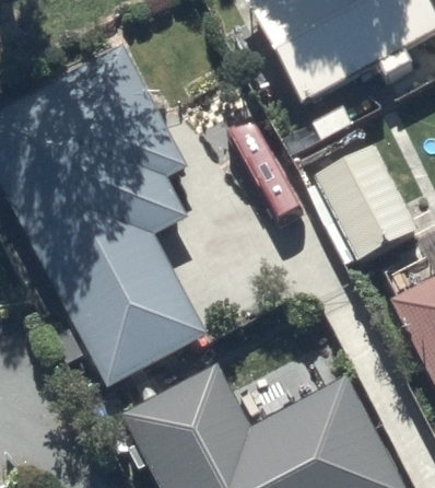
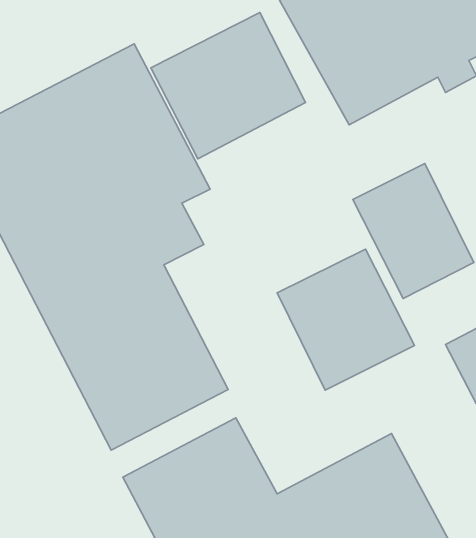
building: none -> [151,12,306,159]
building: none -> [277,249,415,390]

